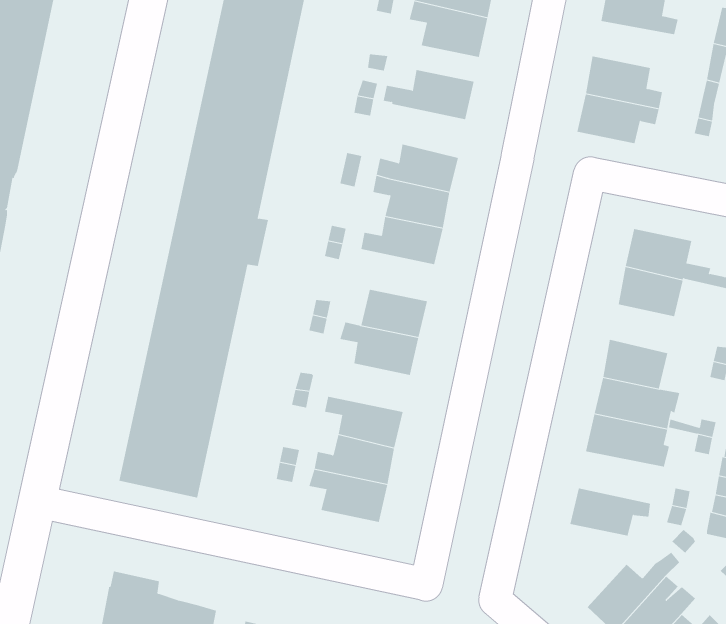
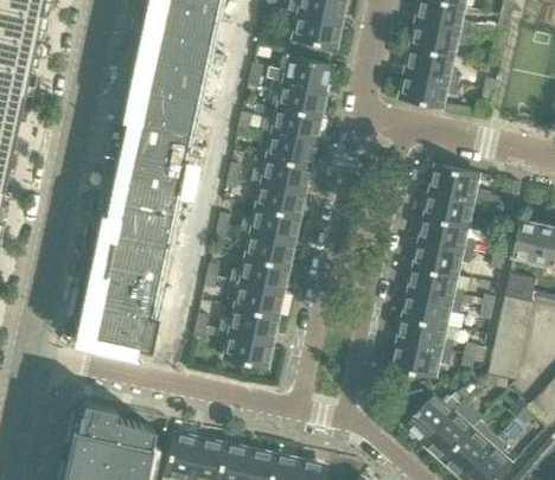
building: none -> [412,23,468,55]
building: none -> [272,79,325,116]
building: none -> [249,179,304,215]
building: none -> [423,217,477,252]
building: none -> [230,257,287,290]
building: none -> [402,318,461,353]

